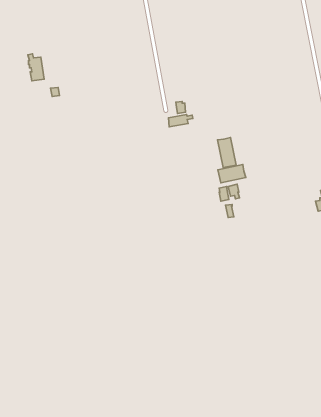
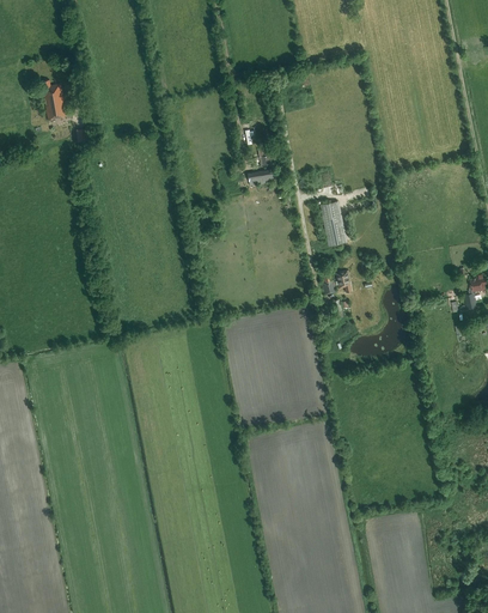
building: [218,165,246,183] -> none

